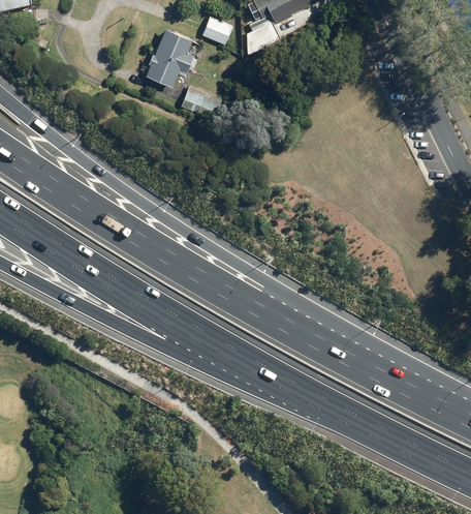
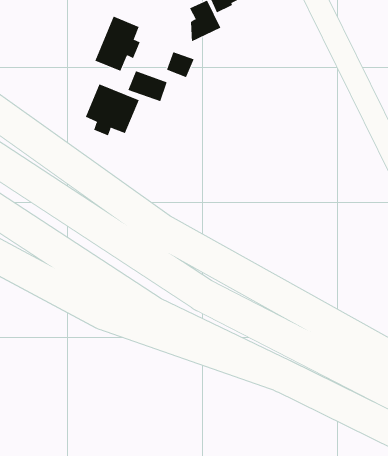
building: [201,16,231,43] -> [166,51,194,78]
building: none -> [85,83,139,136]

